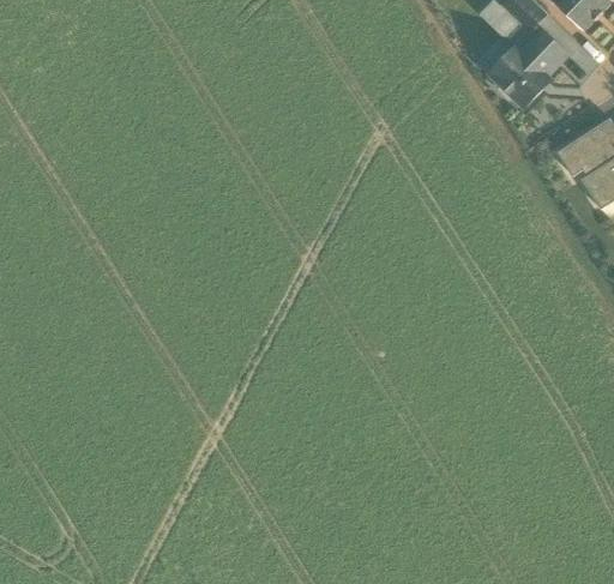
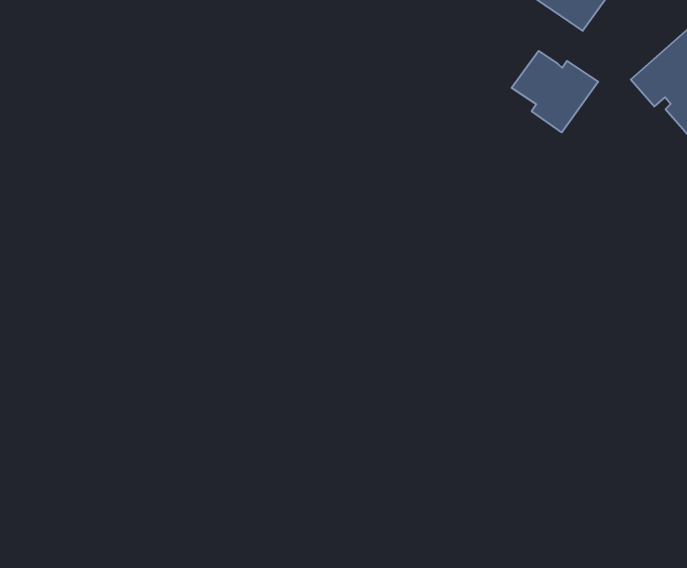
building: none -> [512,51,598,132]

